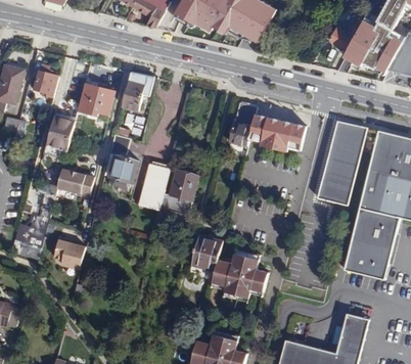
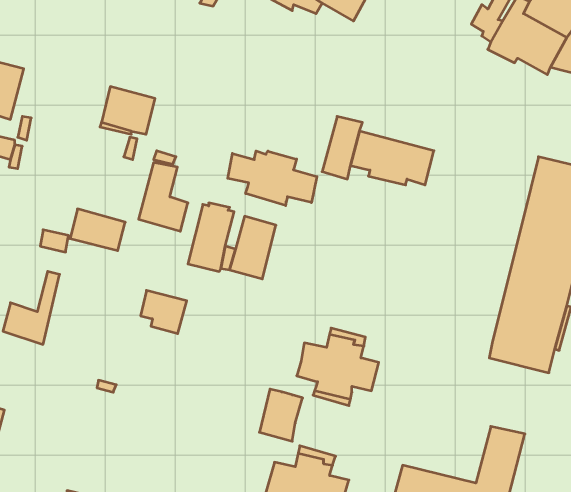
building: [35,64,58,96] -> none
building: [121,73,152,110] -> none
building: [45,116,74,156] -> none
building: [317,122,366,207] -> none
building: none -> [228,151,317,206]
building: [192,235,222,271] -> [259,389,303,441]
building: [52,240,84,270] -> [141,290,187,334]

